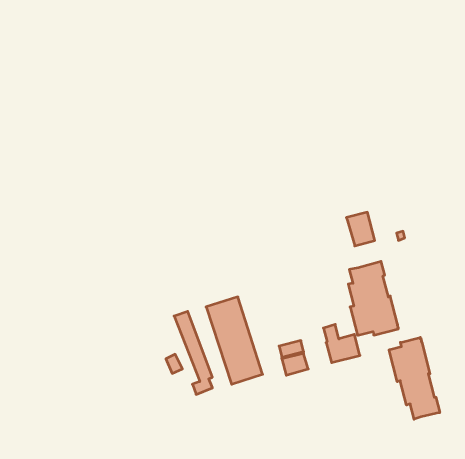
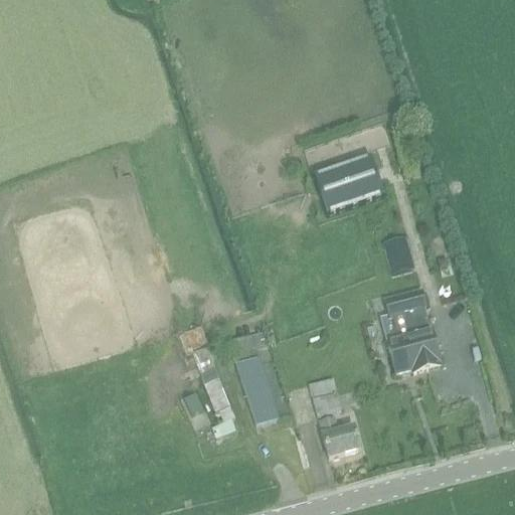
building: none -> [313,156,382,214]
building: [323,324,360,363] -> [319,413,359,456]
building: [389,337,440,419] -> none

